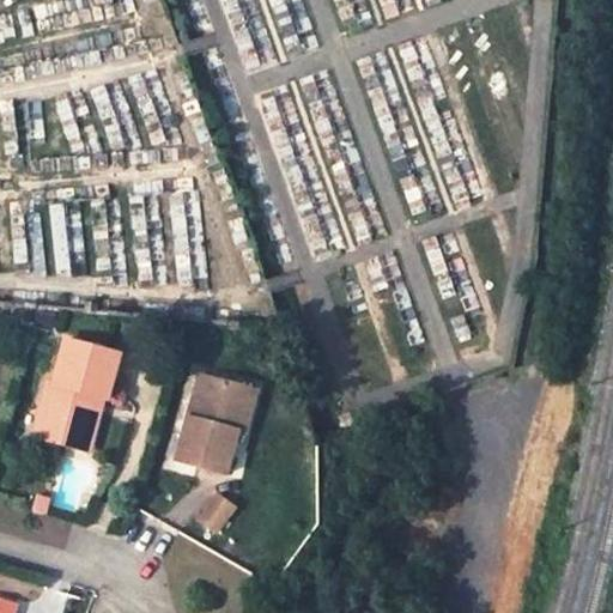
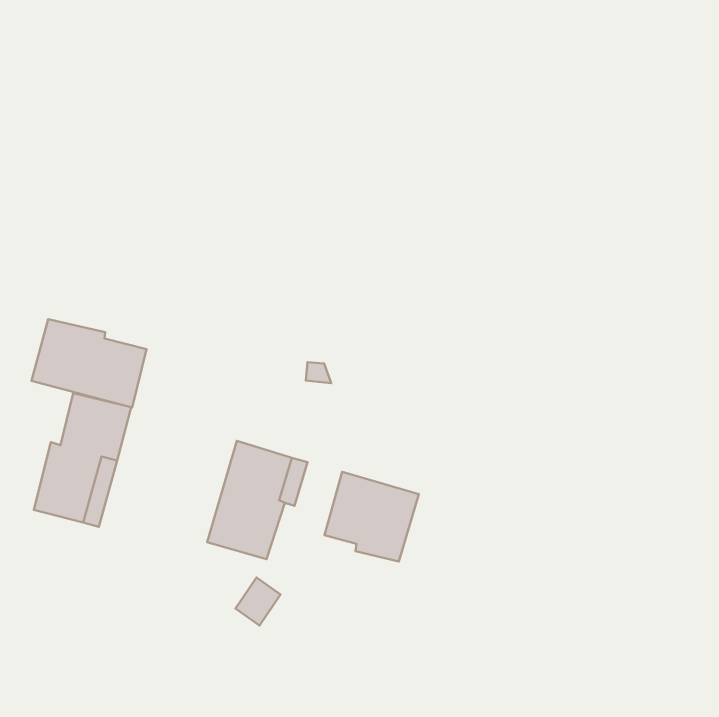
building: none -> [32,319,147,407]
building: none -> [325,472,419,562]

